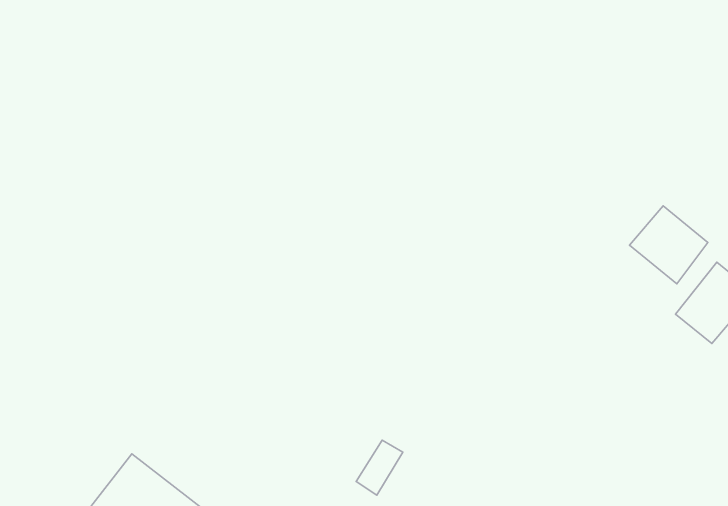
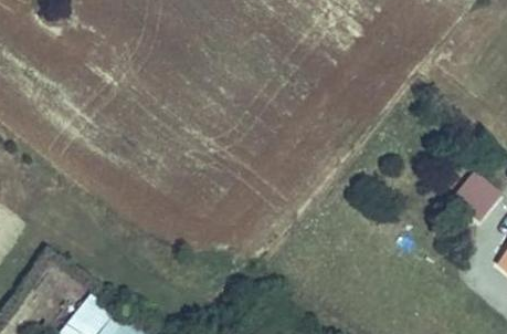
building: [630,206,708,284] -> none

